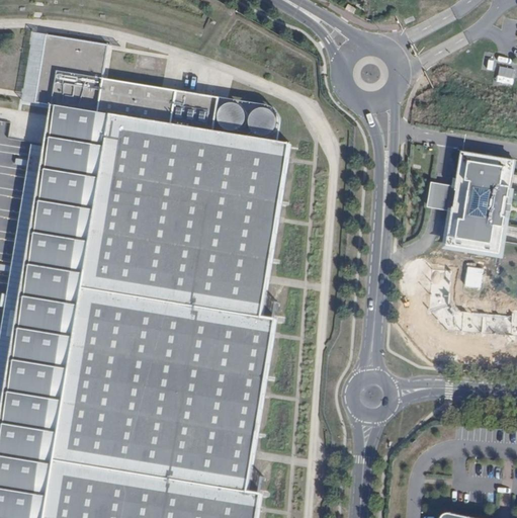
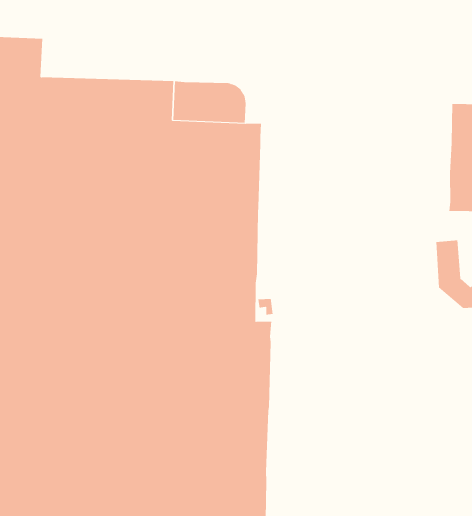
building: [423,180,451,210] -> none

